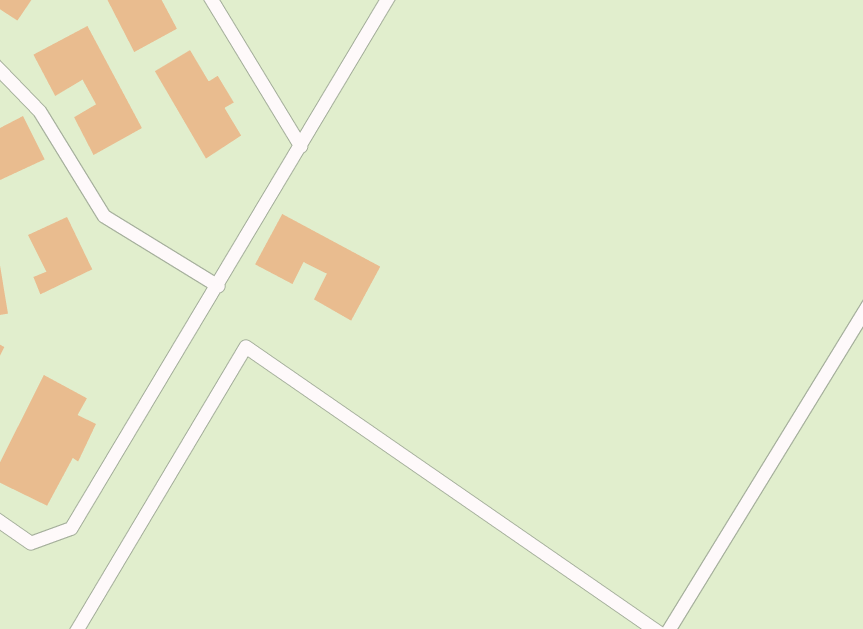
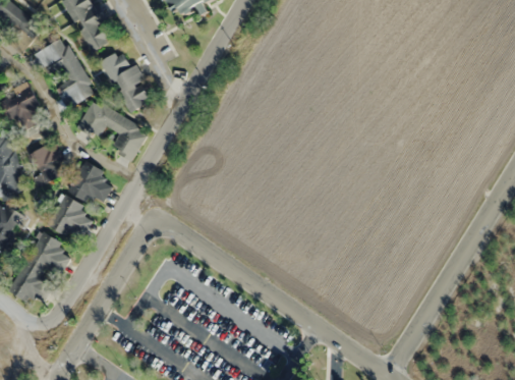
building: [254,213,381,322] -> [76,100,147,160]
building: none -> [67,160,111,207]
building: none -> [44,194,92,238]

